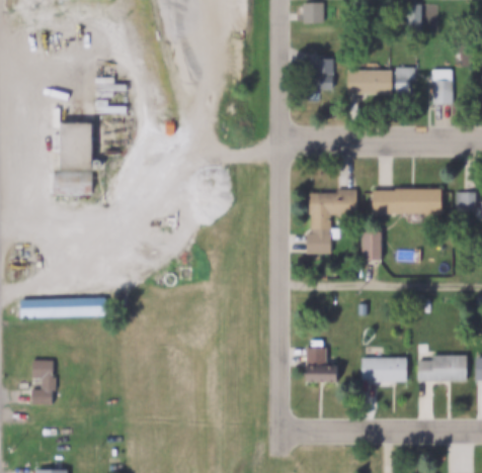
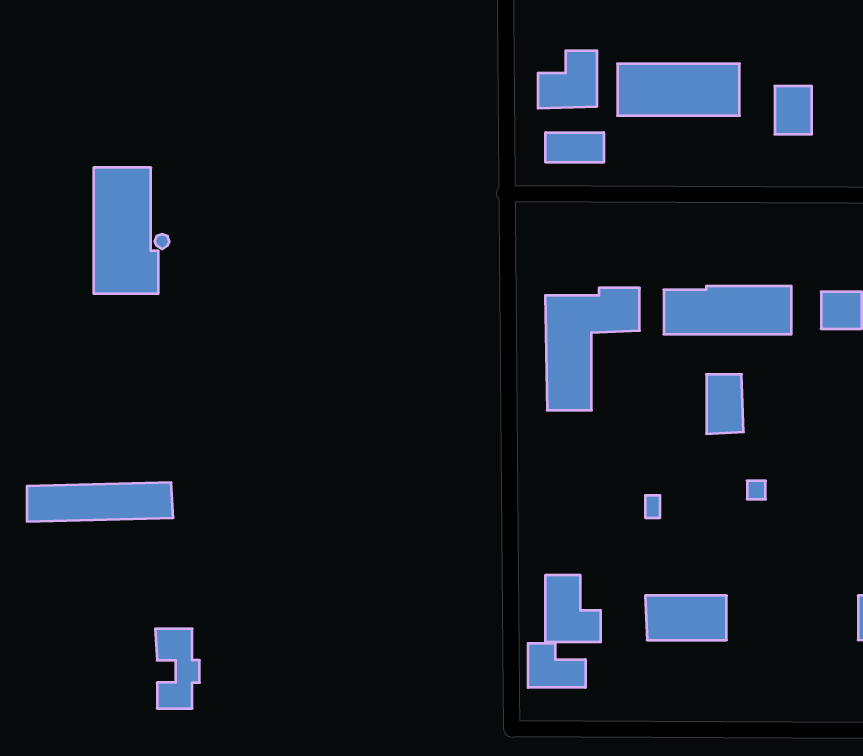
building: none -> [546,132,604,162]
building: [360,230,381,263] -> [706,374,744,434]
building: [417,355,469,381] -> none
building: [34,358,59,401] -> [155,629,200,708]
building: none -> [528,643,585,688]

